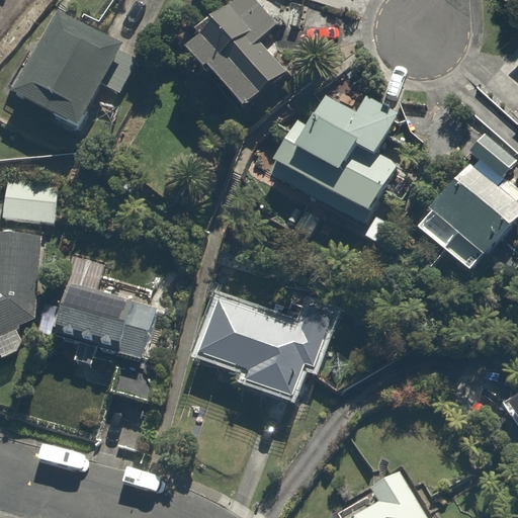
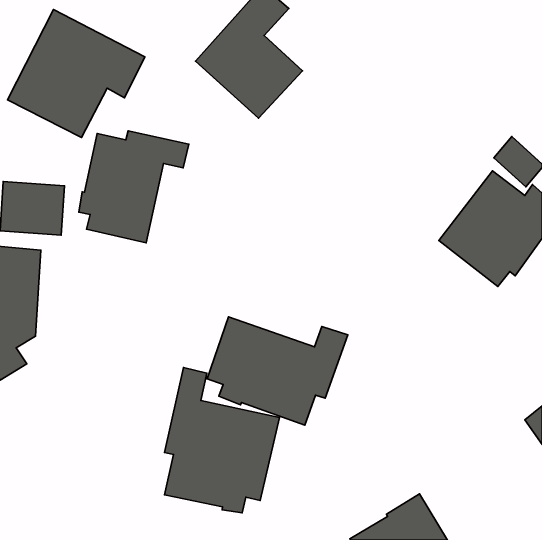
building: [273,92,401,215] -> none
building: none -> [79,131,189,243]
building: [58,251,159,399] -> none
building: none -> [164,368,279,513]

